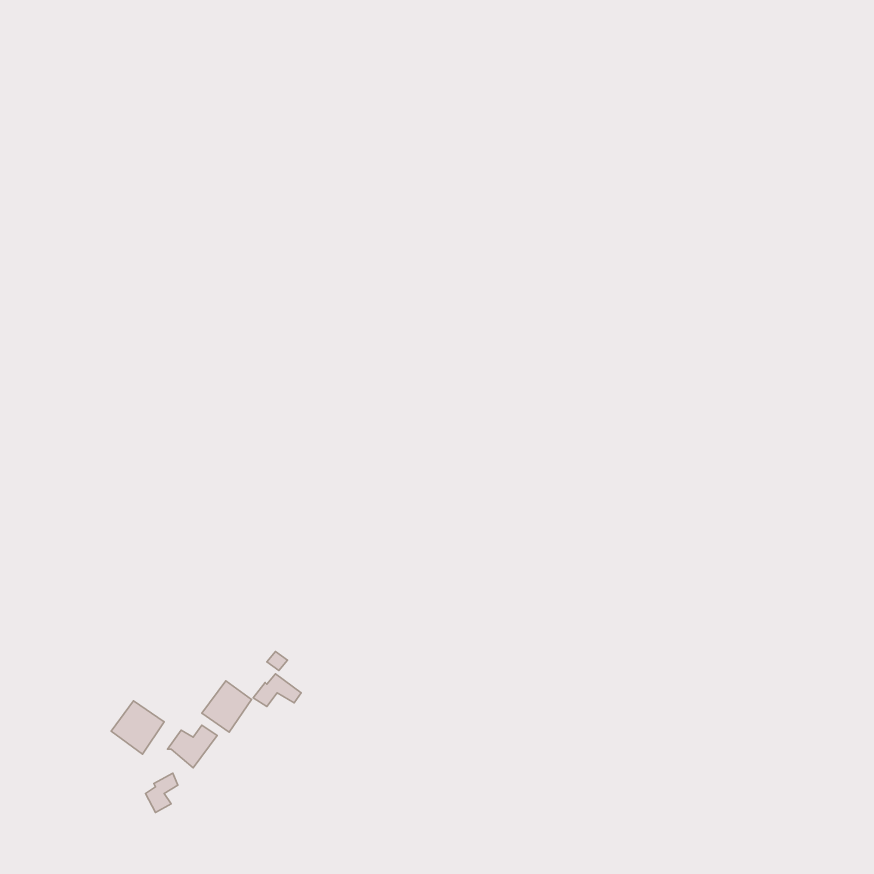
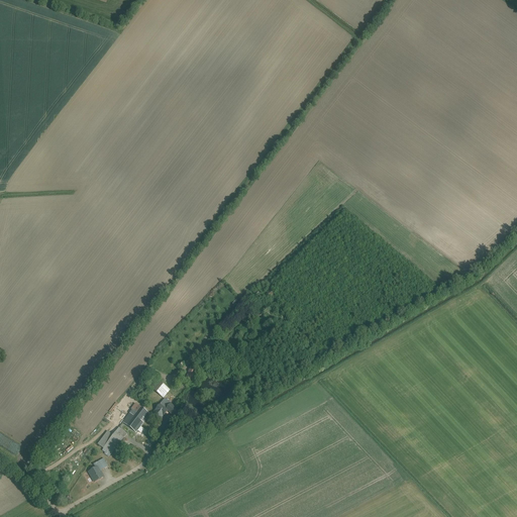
building: [111,701,164,754] -> none

